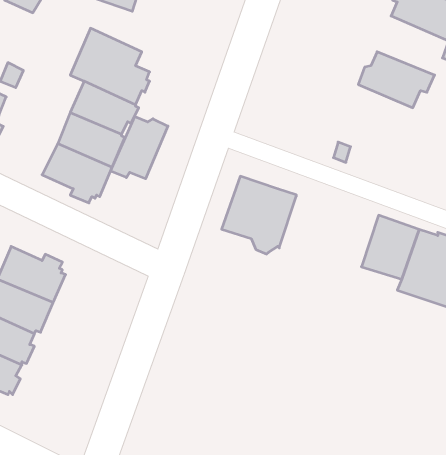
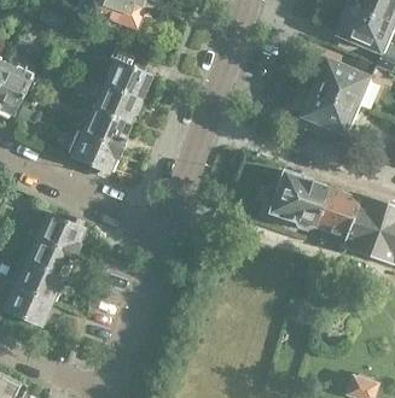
building: none -> [302,84,359,133]
building: [110,117,168,179] -> none
building: [222,176,296,254] -> [269,170,327,230]

